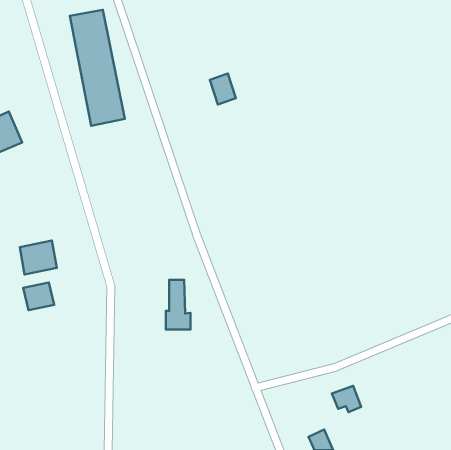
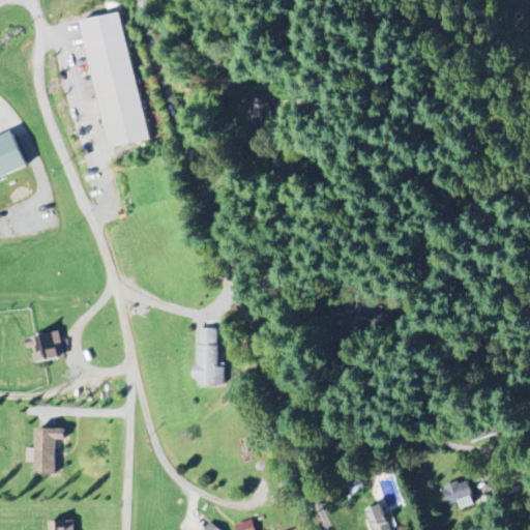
building: [20,240,57,274] -> none
building: none -> [24,428,63,473]
building: [332,386,361,412] -> [440,477,474,508]

